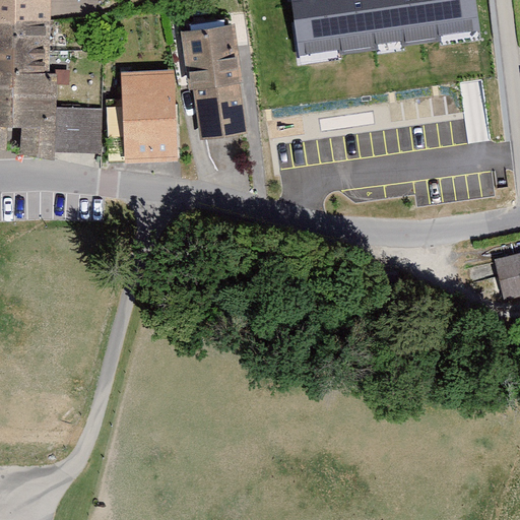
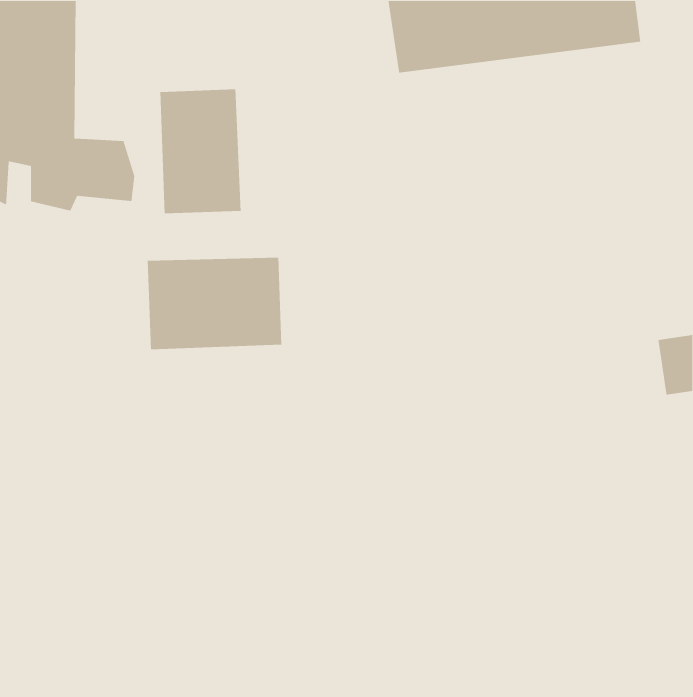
building: [179,18,256,136] -> none
building: none -> [147,257,282,350]

